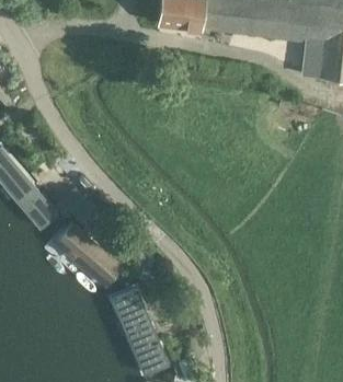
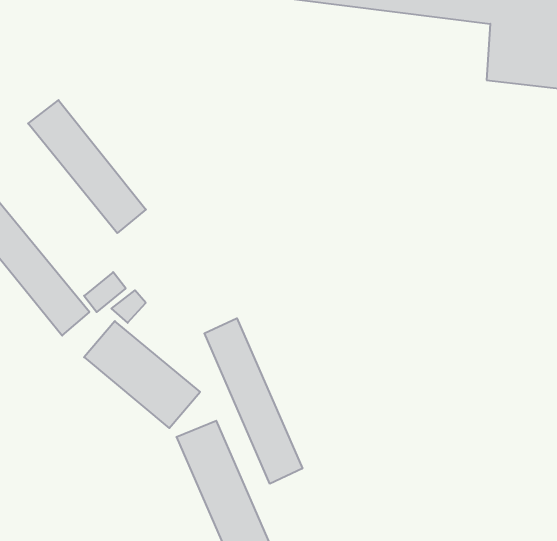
building: none -> [28,100,146,233]
building: none -> [204,318,302,484]

